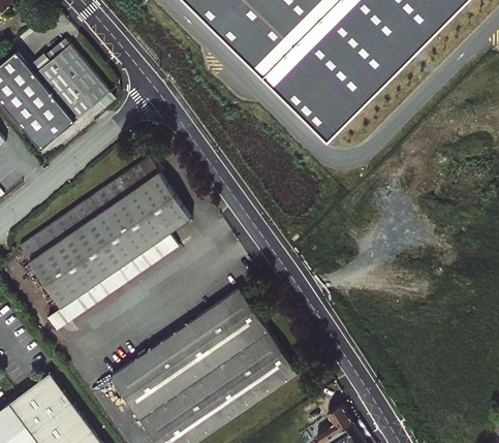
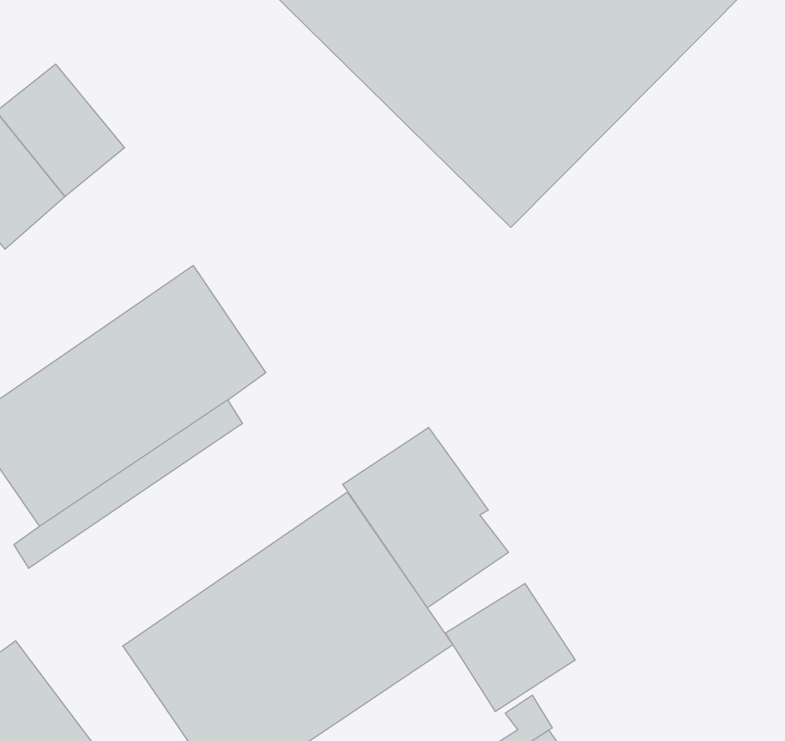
building: none -> [343,427,508,608]
building: none -> [445,583,575,712]

